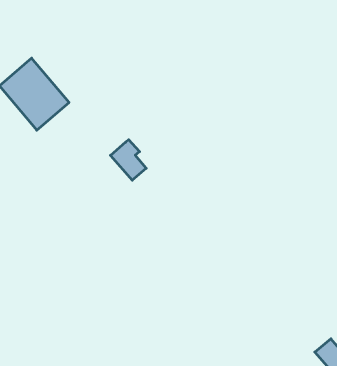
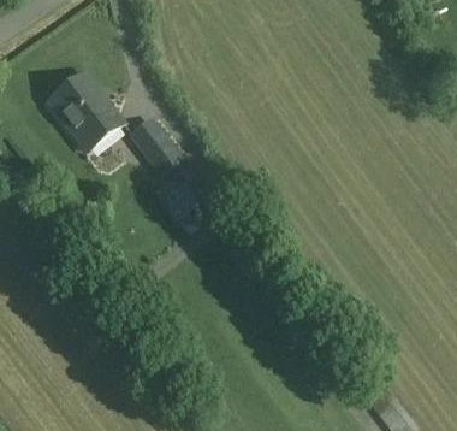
building: none -> [130,117,183,175]

